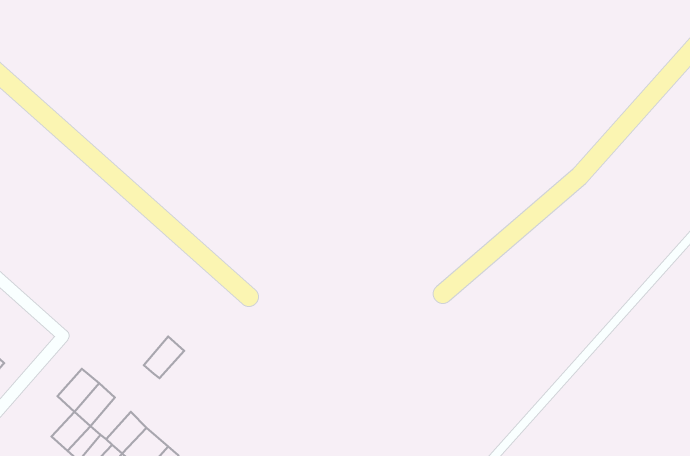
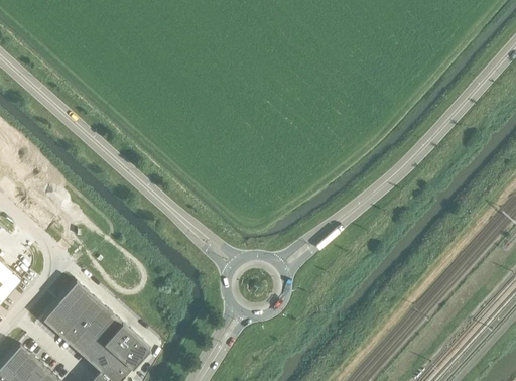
building: [144,336,184,378] -> [82,304,110,334]
building: none -> [42,303,71,332]

